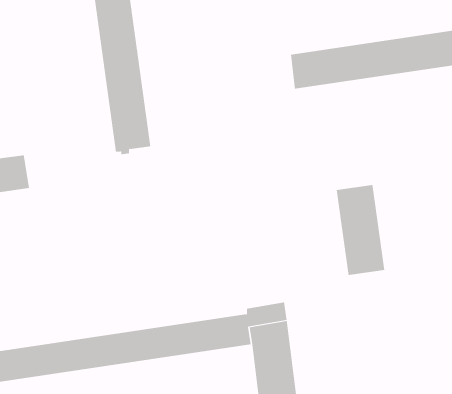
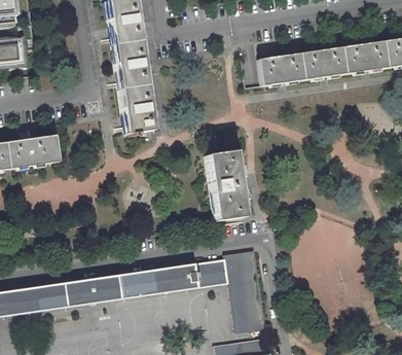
building: [336,184,385,275] -> [206,150,244,220]

